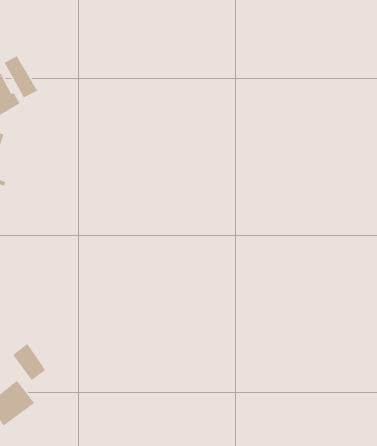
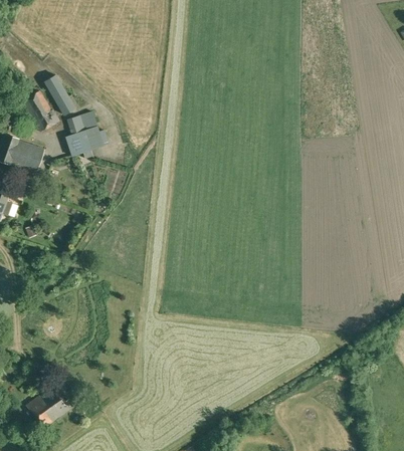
building: none -> [65,110,103,155]
building: [12,343,46,381] -> none

